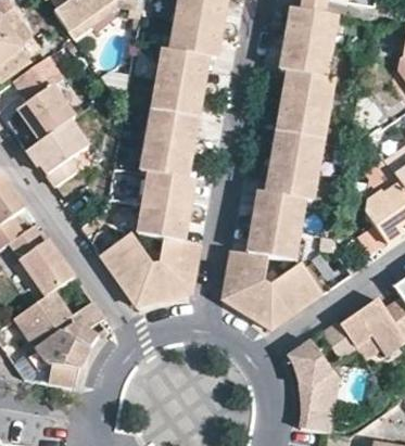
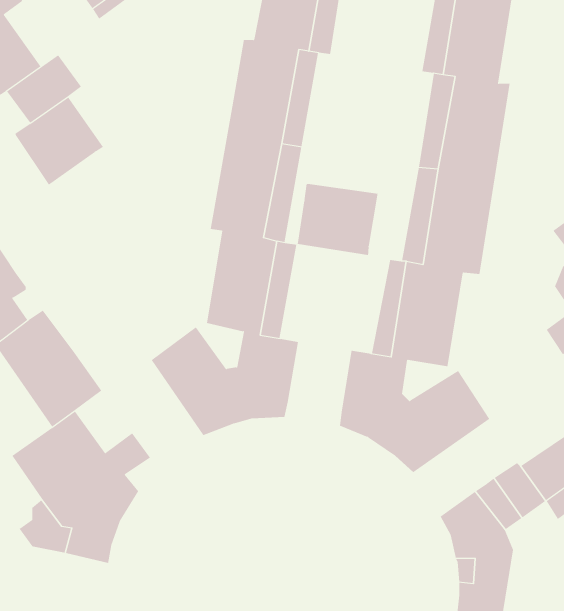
building: [24,120,86,190] -> none
building: none -> [297,183,378,256]

